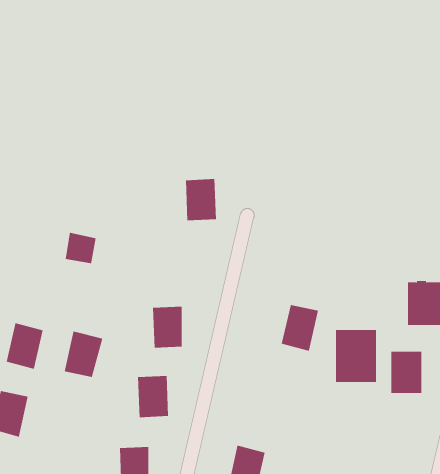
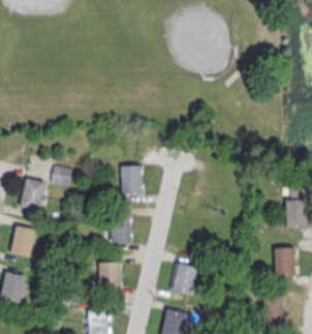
building: [185,179,217,221] -> [121,166,143,195]
building: [281,305,319,351] -> [173,265,198,297]
building: [336,329,376,383] -> none
building: [64,331,103,378] -> [20,179,46,211]
building: none -> [263,295,283,324]

